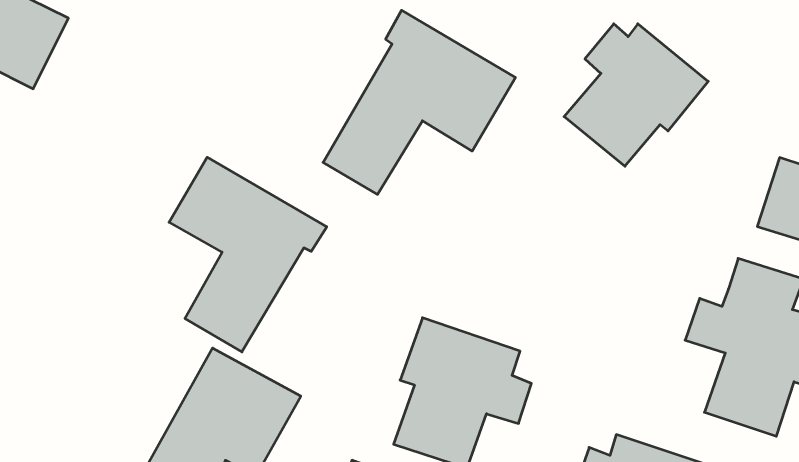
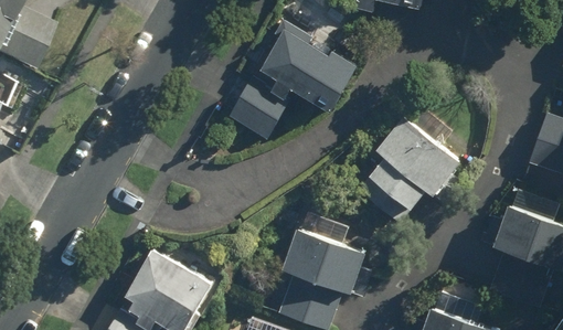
building: [564,24,708,166] -> [362,121,461,220]
building: [169,157,327,352] -> none

